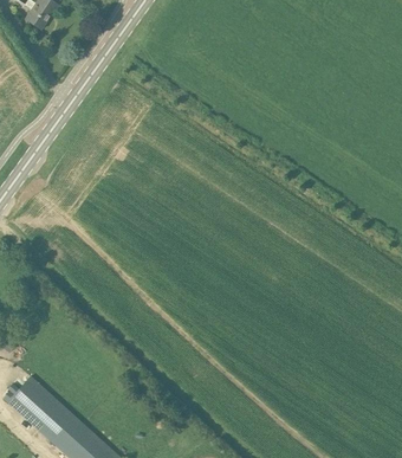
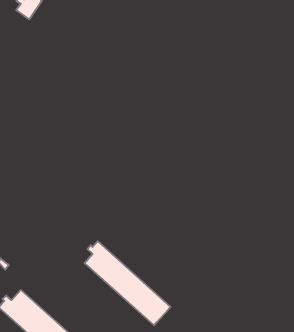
building: none -> [84,241,171,325]

